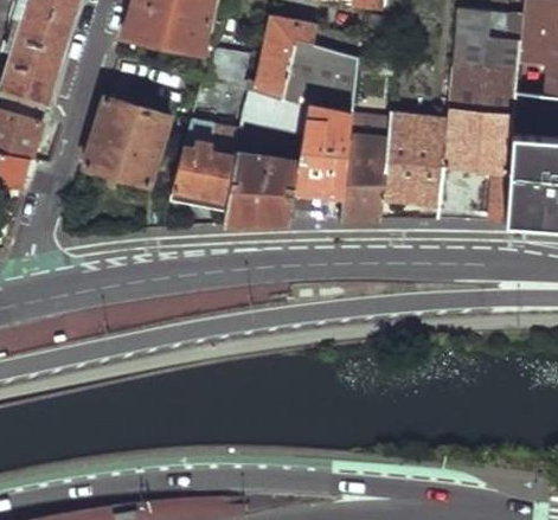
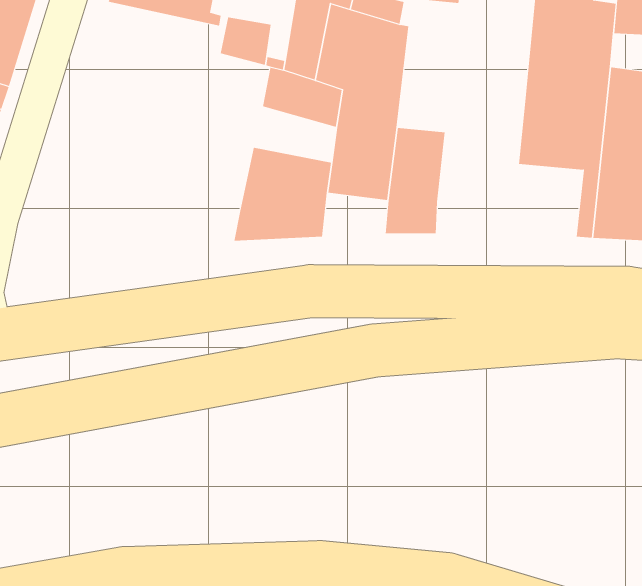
building: [83,97,169,185] -> none
building: [381,113,449,201] -> none
building: [172,117,242,201] -> none

